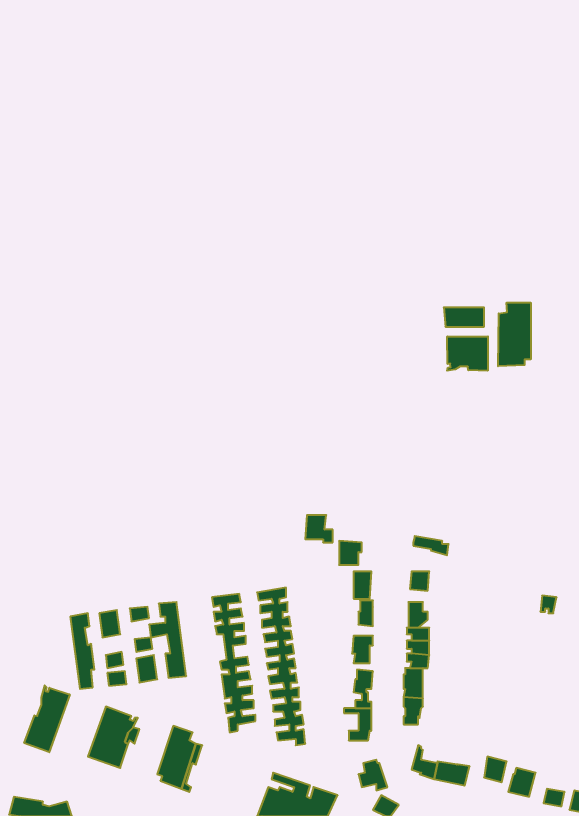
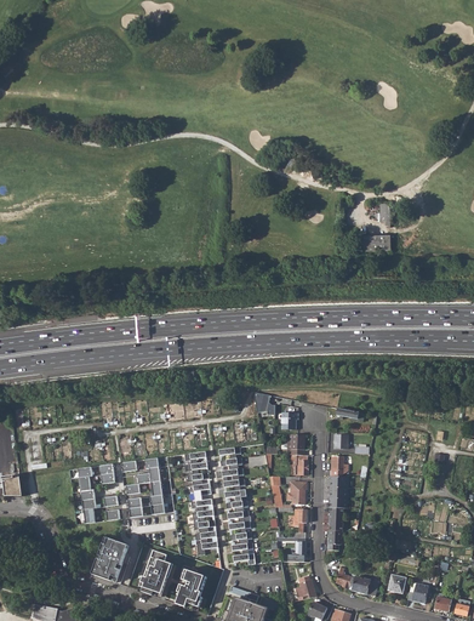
building: [498,303,531,366] -> none
building: [447,336,488,371] -> none
building: [24,685,70,752] -> none
building: none -> [177,569,206,606]

